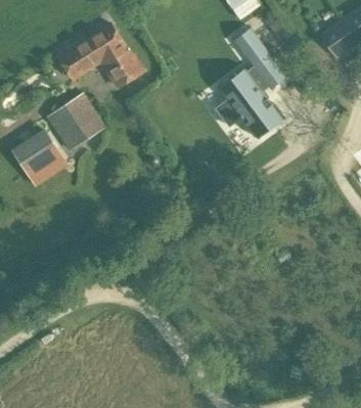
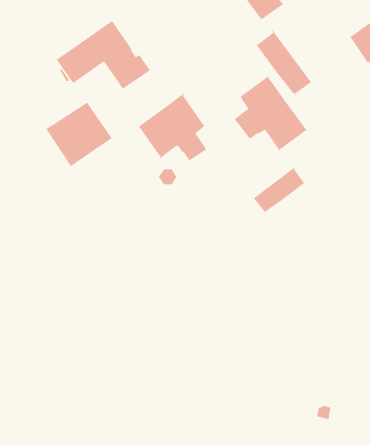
building: none -> [137,92,207,161]
building: [11,128,70,187] -> none
building: none -> [252,166,307,214]

